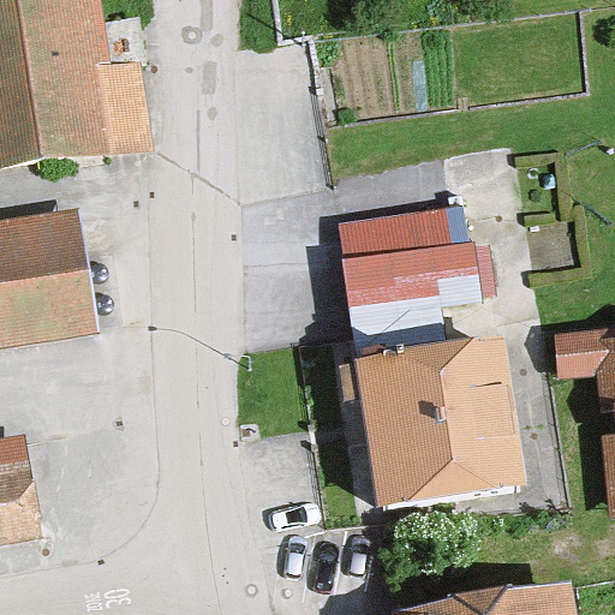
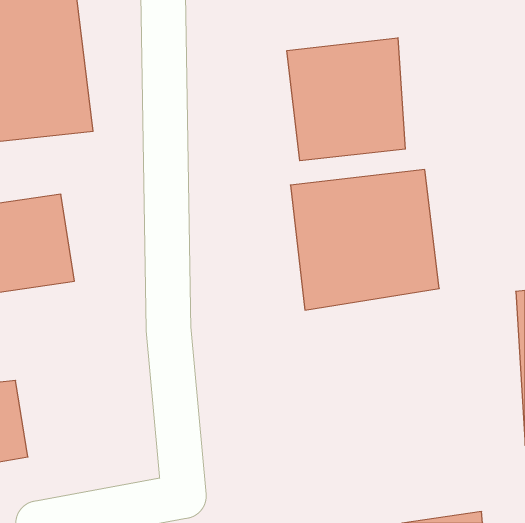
building: none -> [287,38,405,161]
building: [354,335,536,514] -> none

